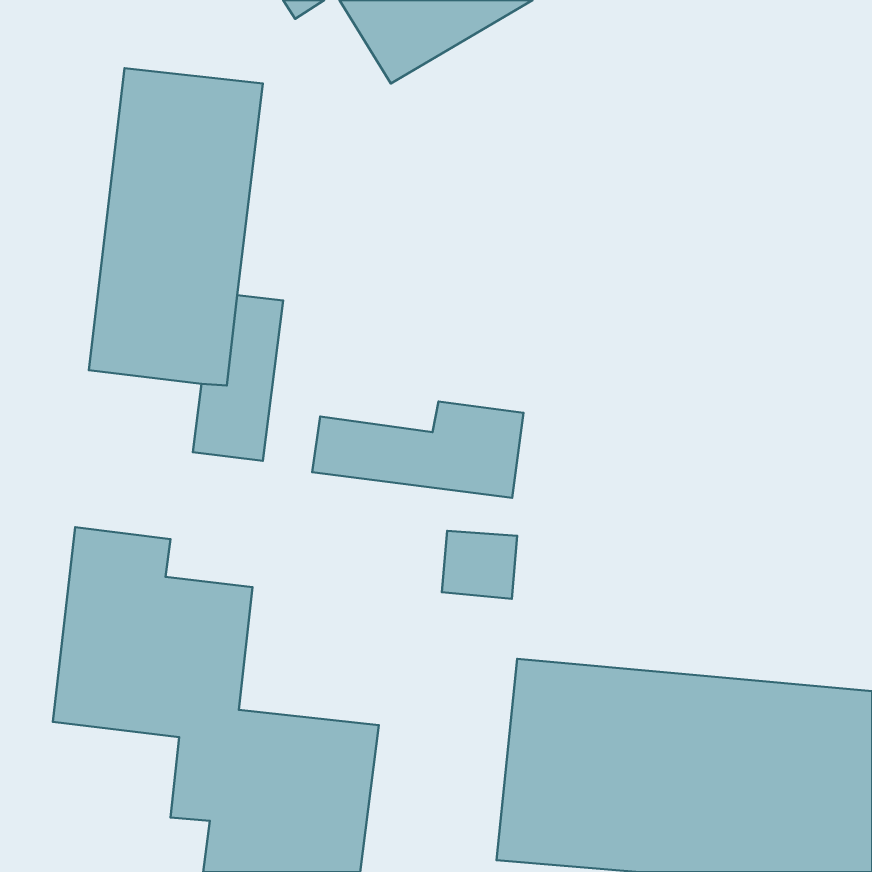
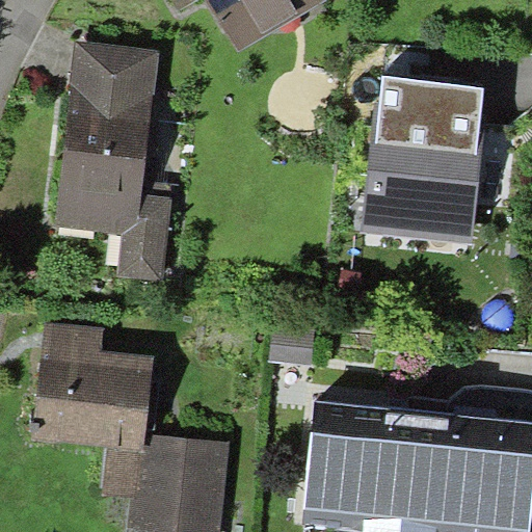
building: none -> [361,76,485,243]
building: [312,402,523,498] -> none

